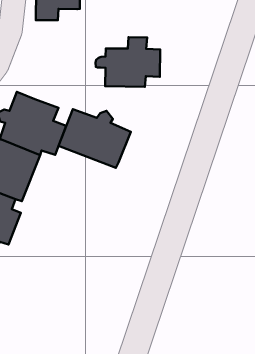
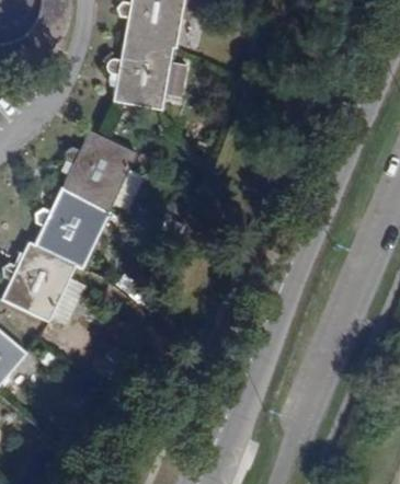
building: [95,37,160,87] -> [104,30,186,93]
building: [58,109,131,168] -> none

